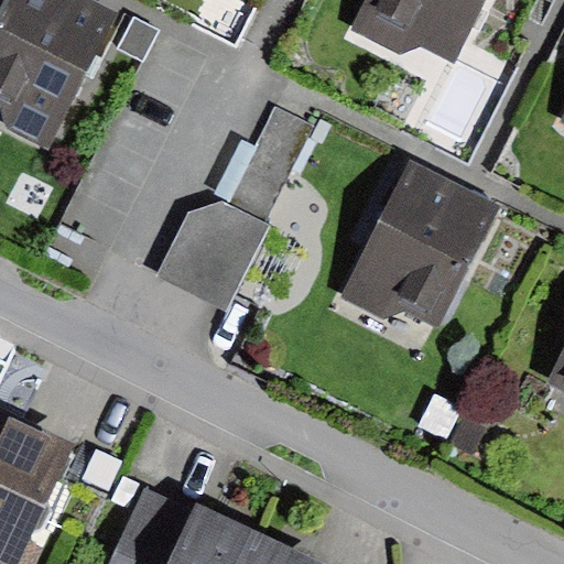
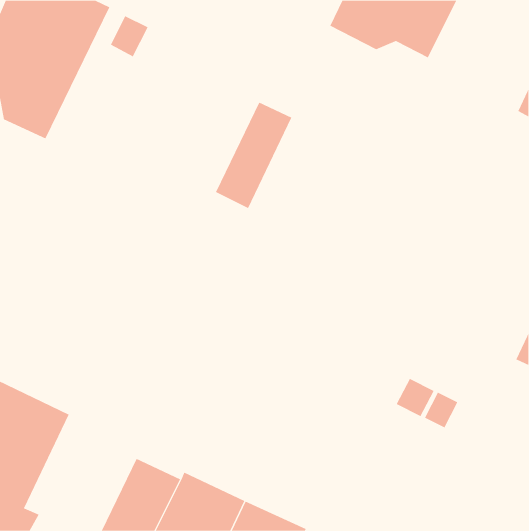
building: [340,158,500,326] -> none
building: [154,199,269,312] -> none

